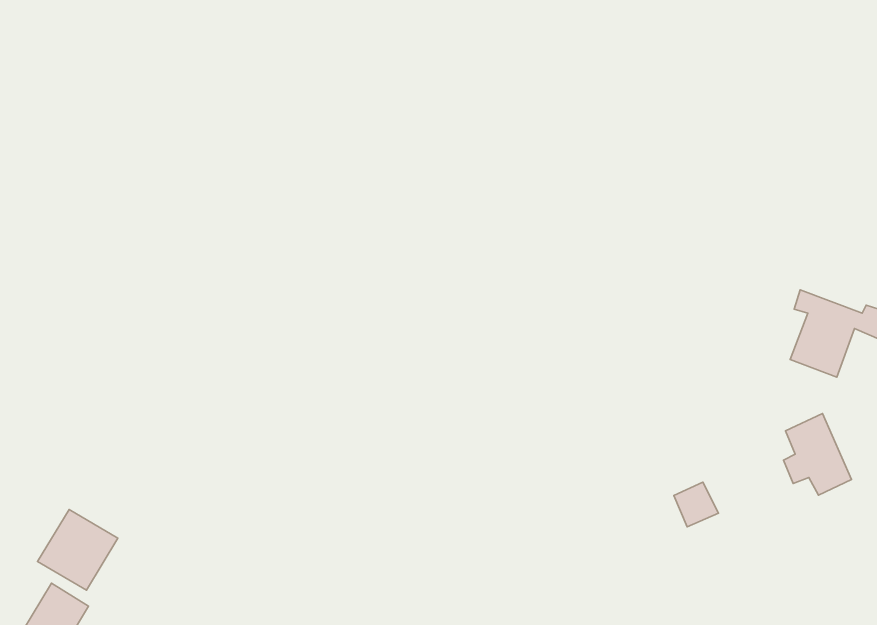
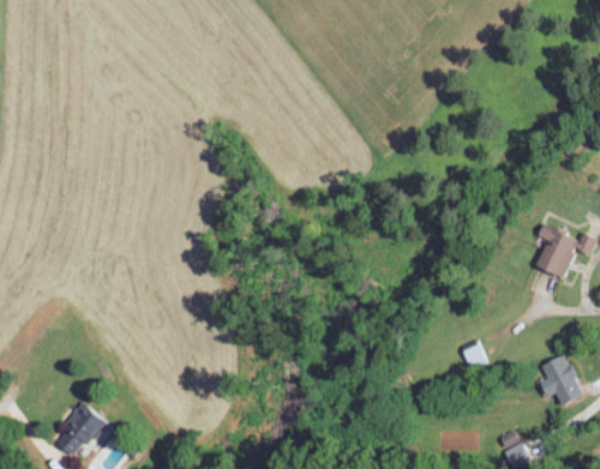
building: [783,413,852,495] -> [540,353,582,403]
building: [38,509,118,590] -> none

